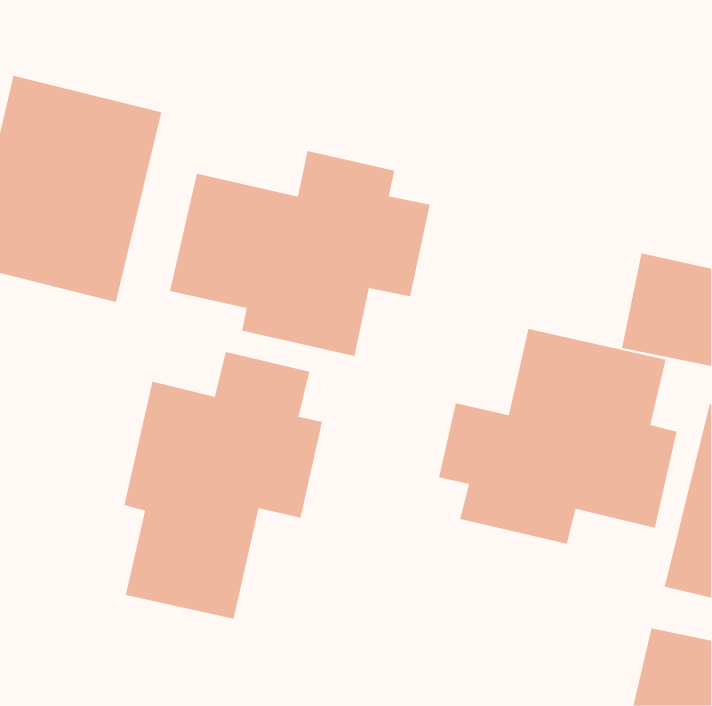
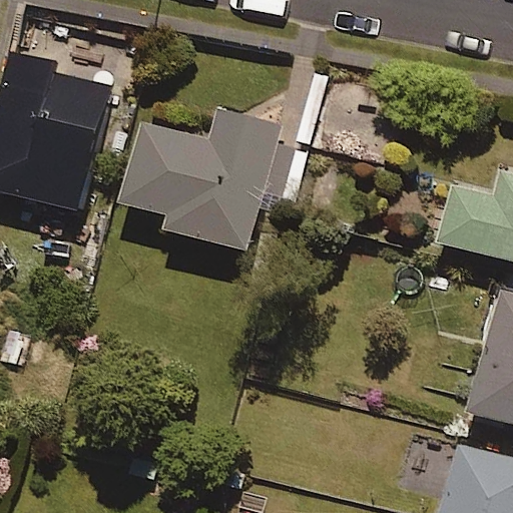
building: [439,328,677,545] -> none
building: [124,351,323,620] -> none

